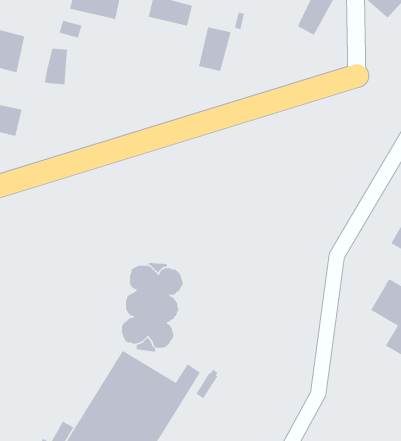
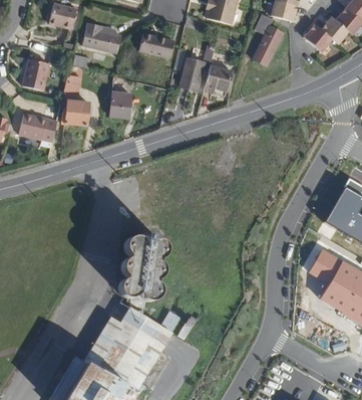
building: none -> [204,64,232,92]
building: none -> [109,90,130,116]
building: none -> [62,101,88,126]

